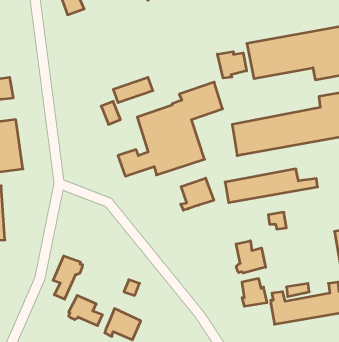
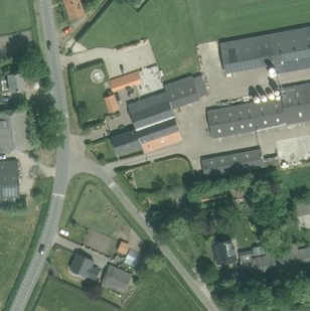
building: [217,52,247,78] -> none
building: [181,178,214,210] -> none
building: [236,241,266,273] -> none
building: [53,256,83,299] -> none

